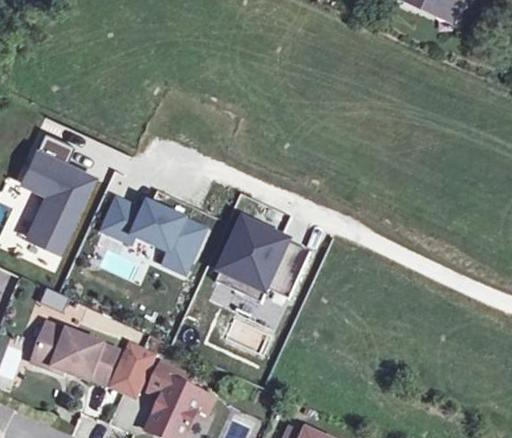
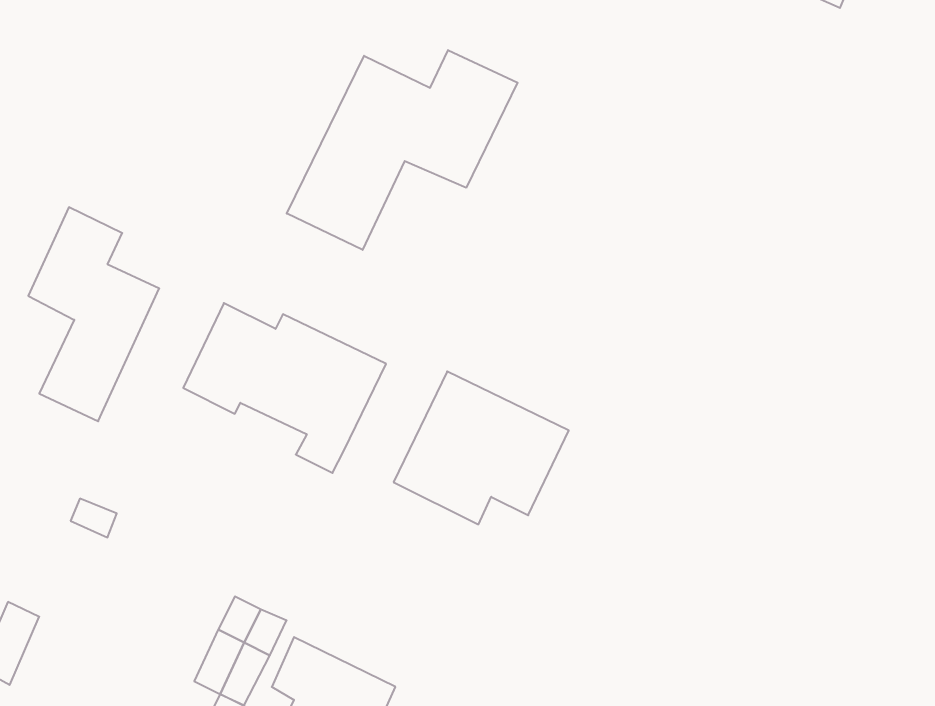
building: none -> [287,50,518,250]
building: [32,320,118,384] -> none

